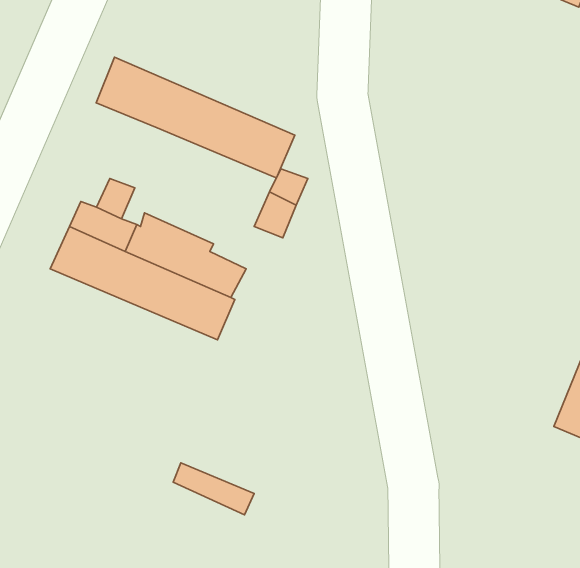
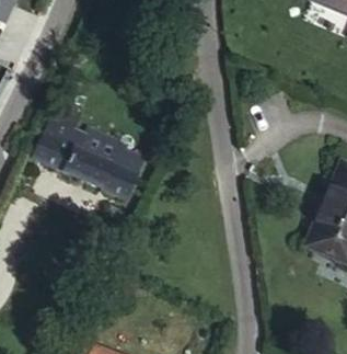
building: [96,57,295,178] -> none

